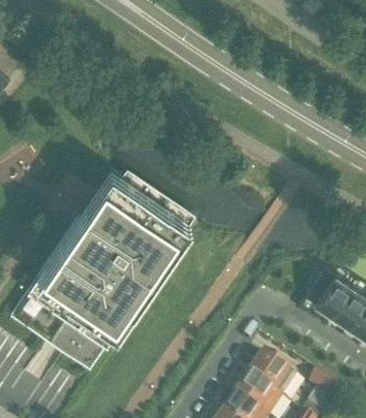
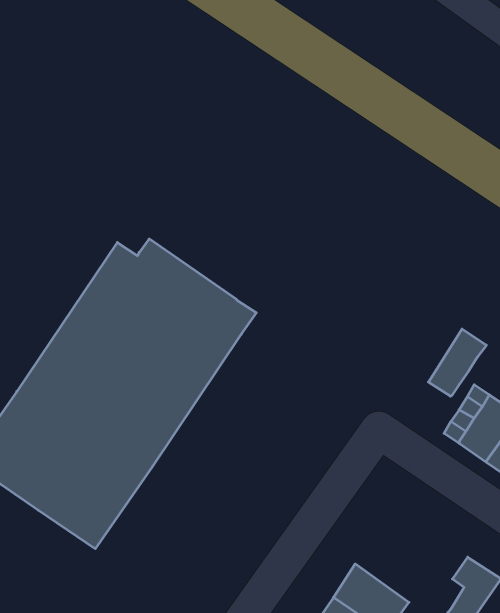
building: none -> [428,329,486,396]
building: [249,357,297,404] -> none

